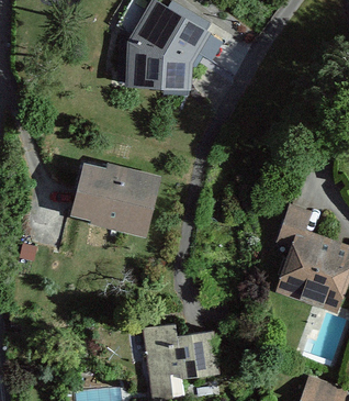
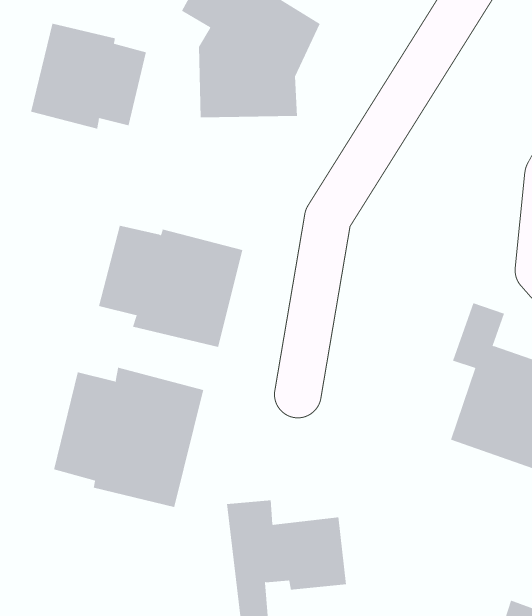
building: none -> [30,23,147,130]
building: none -> [53,367,204,508]

